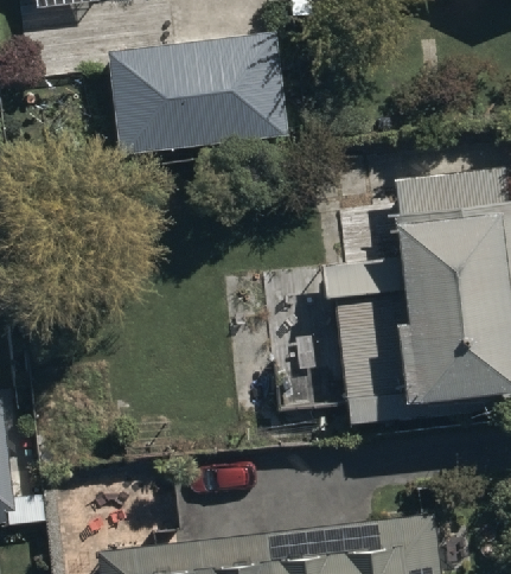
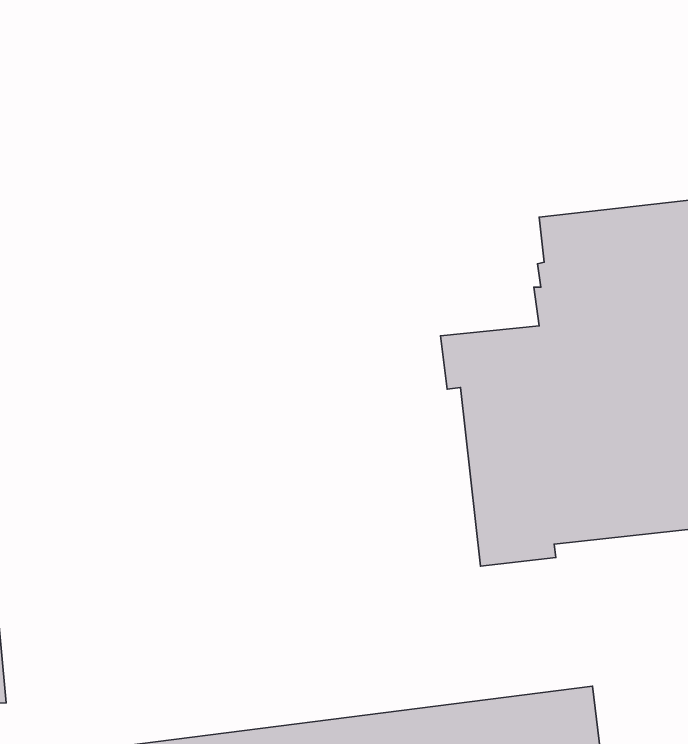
building: [107,33,287,160] -> none

